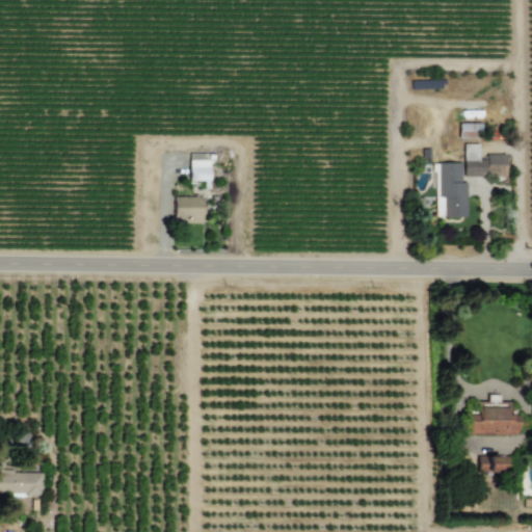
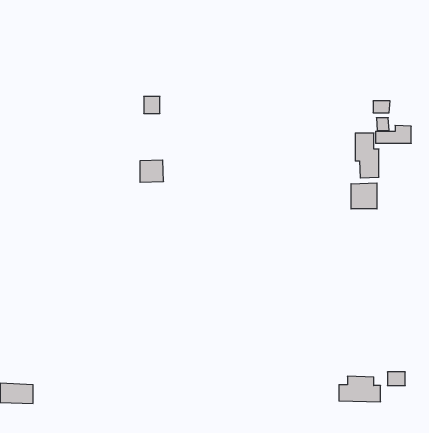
building: [191,160,211,181] -> [144,96,160,113]
building: none -> [351,183,377,209]
building: [470,404,521,435] -> [339,376,381,402]

